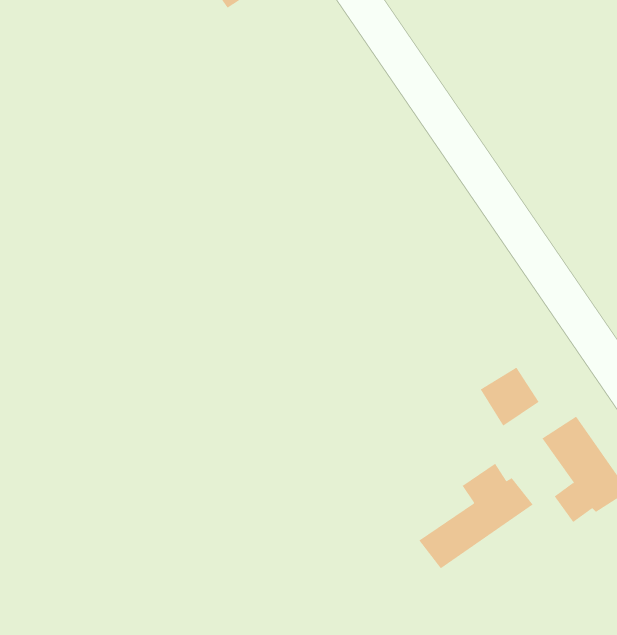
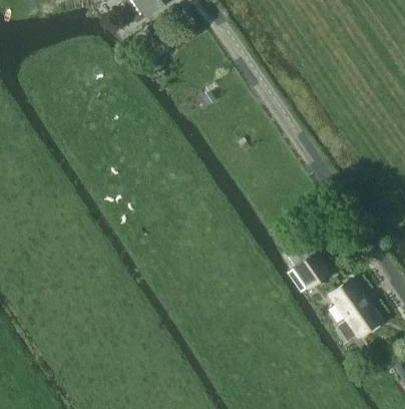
building: [419,463,534,569] -> none

